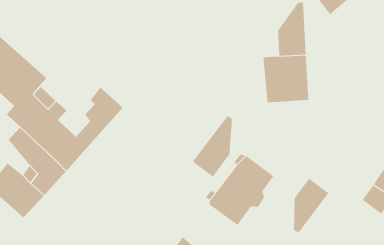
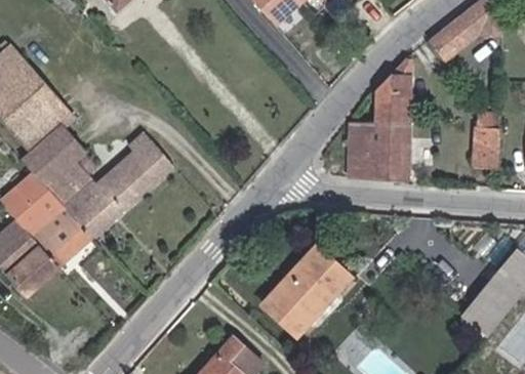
building: none -> [474,106,498,154]
building: [192,115,232,177] -> none
building: [294,178,329,234] -> none

